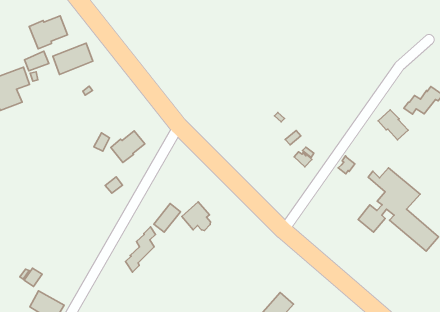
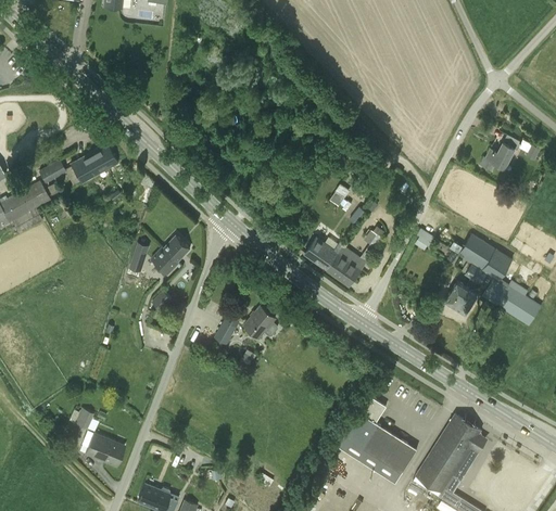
building: [29,16,68,49] -> none
building: [378,110,408,140] -> none
building: none -> [303,237,364,285]
building: [125,227,156,272] -> none

